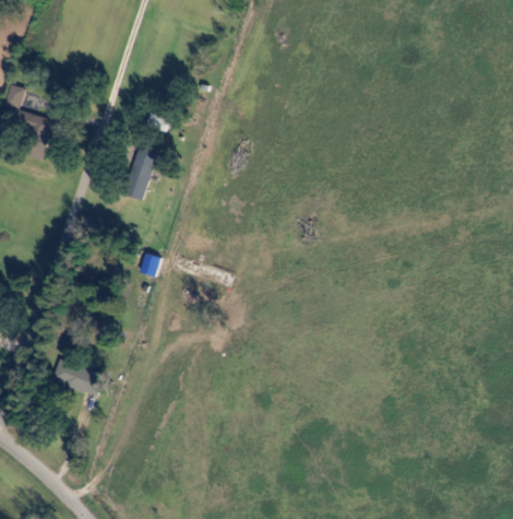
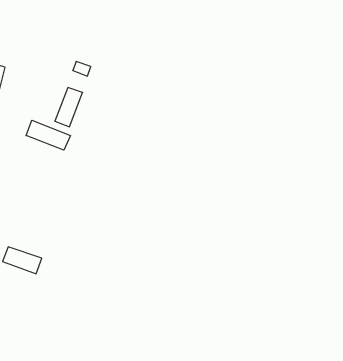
building: none -> [26,120,70,150]

